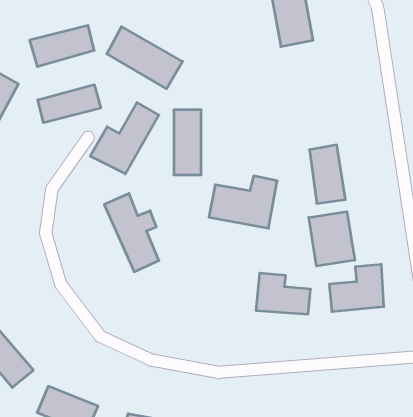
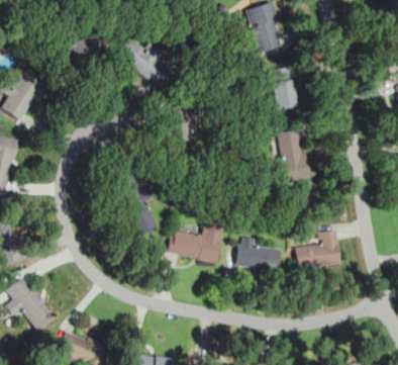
building: none -> [270,67,297,109]
building: [38,85,101,123] -> none
building: [90,103,159,174] -> none
building: [209,176,277,228] -> [169,221,224,264]
building: [309,212,355,266] -> none

